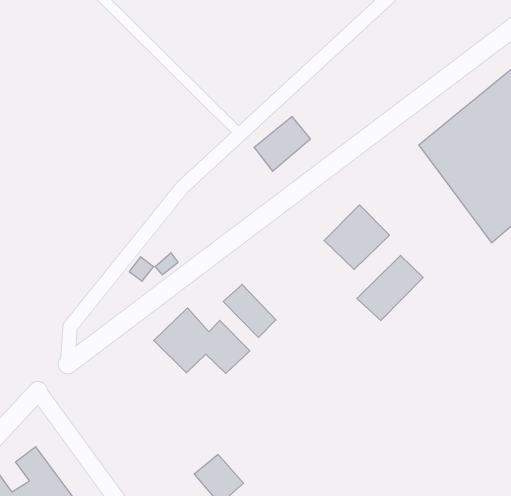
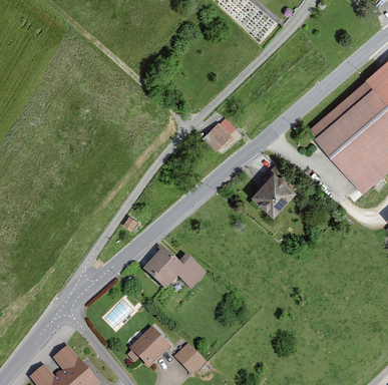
building: [357,255,423,321] -> none
building: [223,284,276,337] -> none
building: none -> [129,327,171,370]

